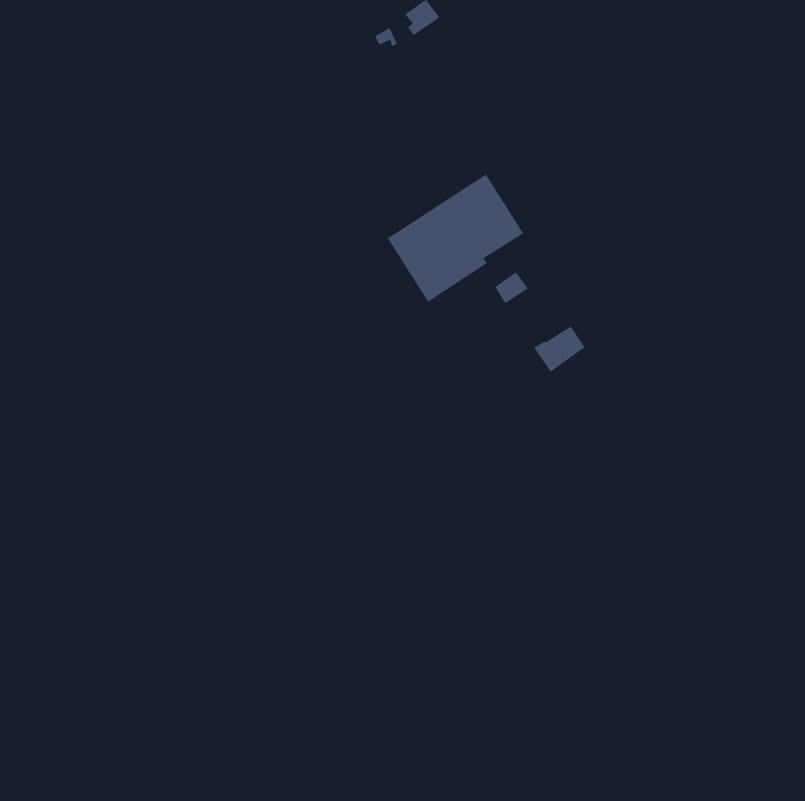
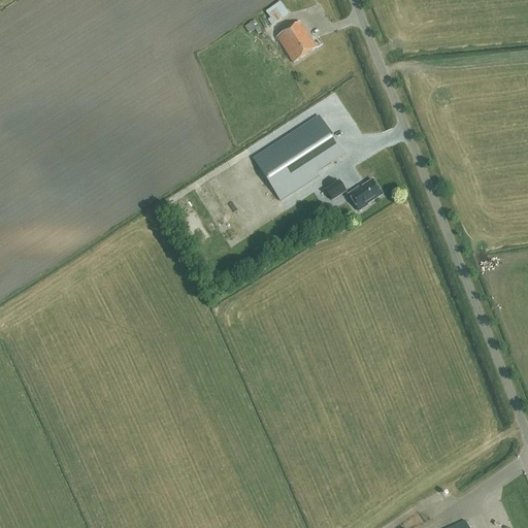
building: none -> [275,20,316,61]
building: [533,326,585,373] -> [346,177,381,208]

